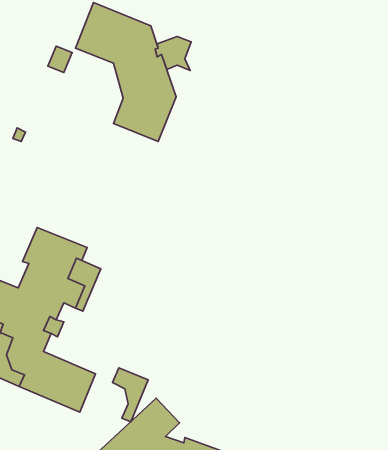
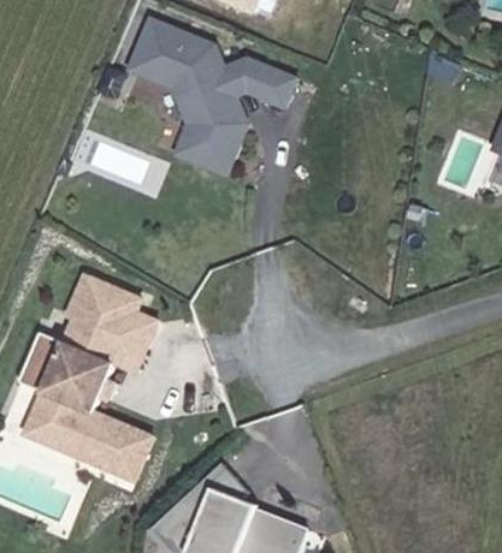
building: none -> [253,63,296,106]
building: [113,368,148,422] -> none

